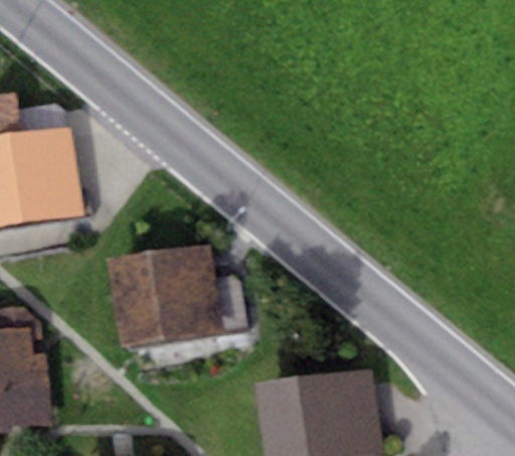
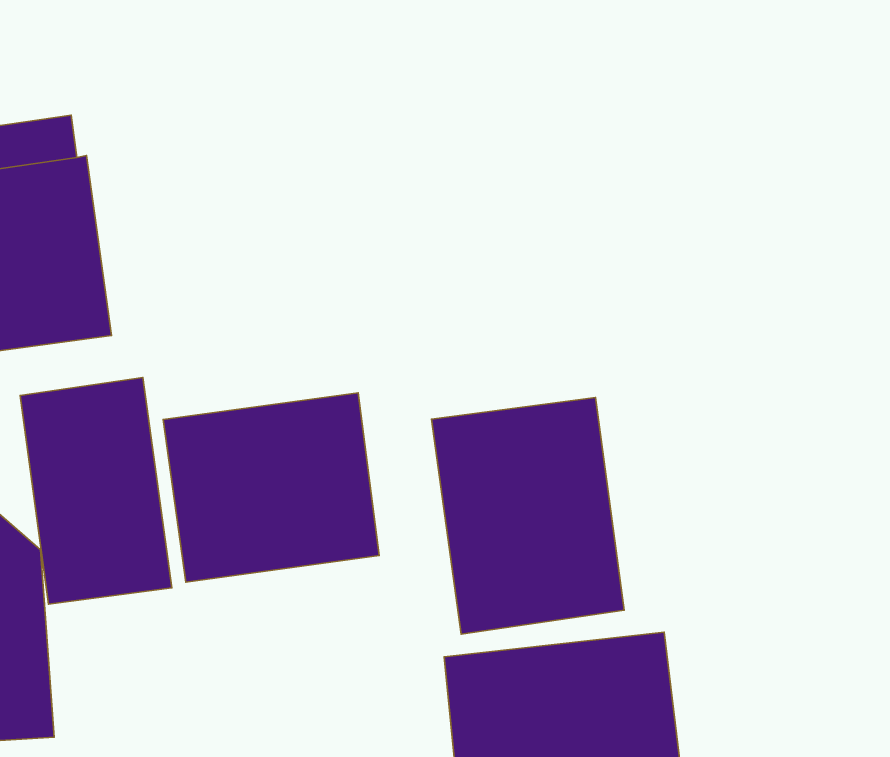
building: none -> [20,377,172,604]
building: none -> [432,397,624,634]

